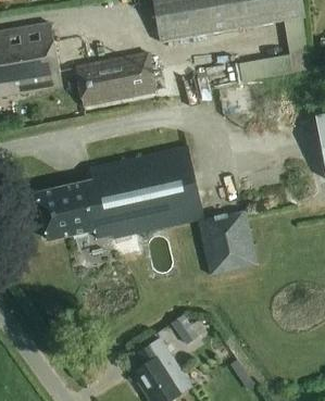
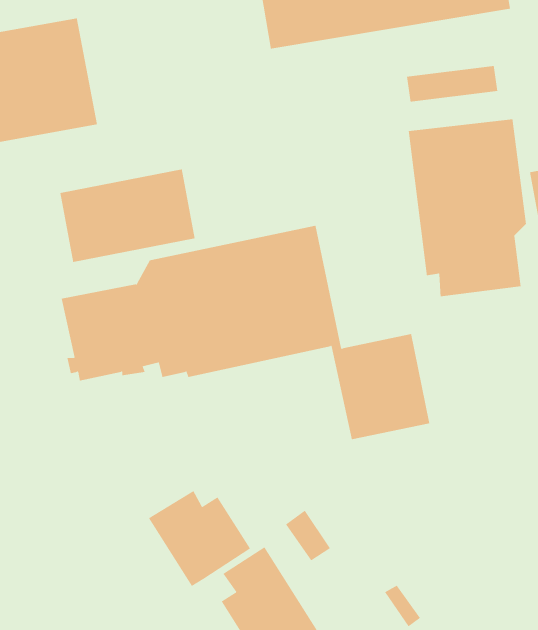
building: [75,51,155,106] -> [60,169,195,262]
building: none -> [408,118,526,297]
building: none -> [148,490,251,587]

